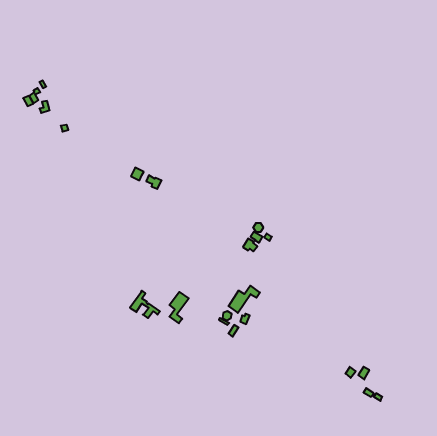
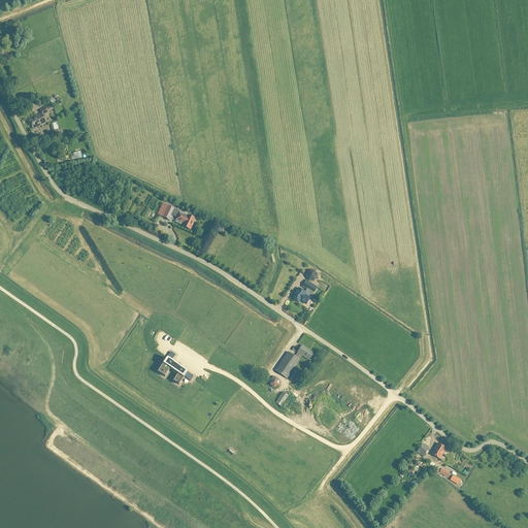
building: [169,292,189,323] -> none

